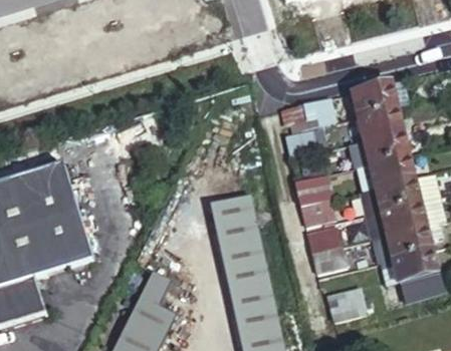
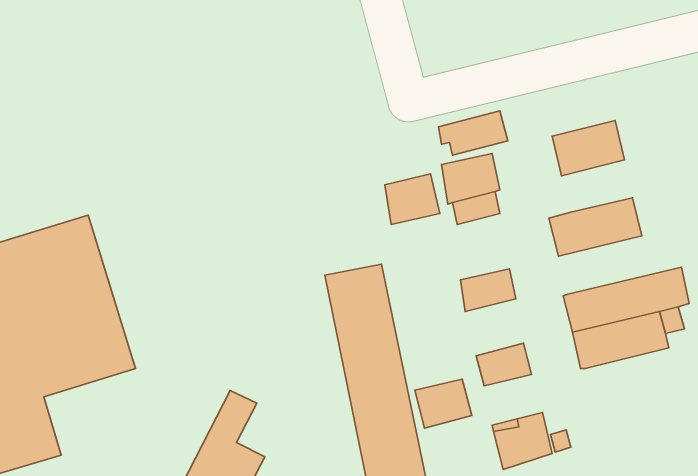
building: [353,75,411,111] -> none
building: [364,126,409,159] -> none
building: [295,170,330,203] -> [385,174,440,224]
building: [362,170,440,212] -> none
building: [303,220,340,251] -> [415,379,472,428]
building: [379,246,438,289] -> none

